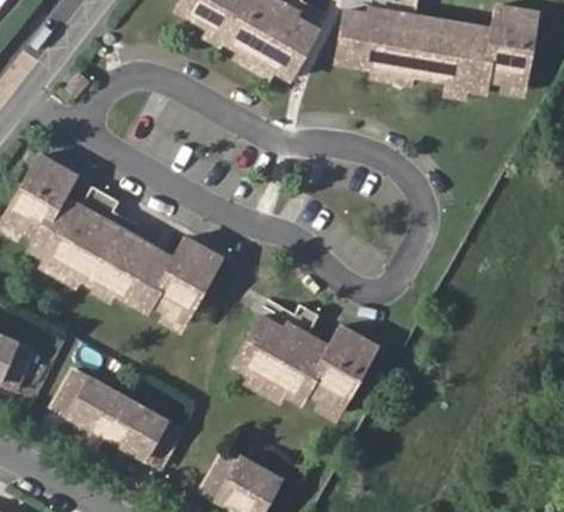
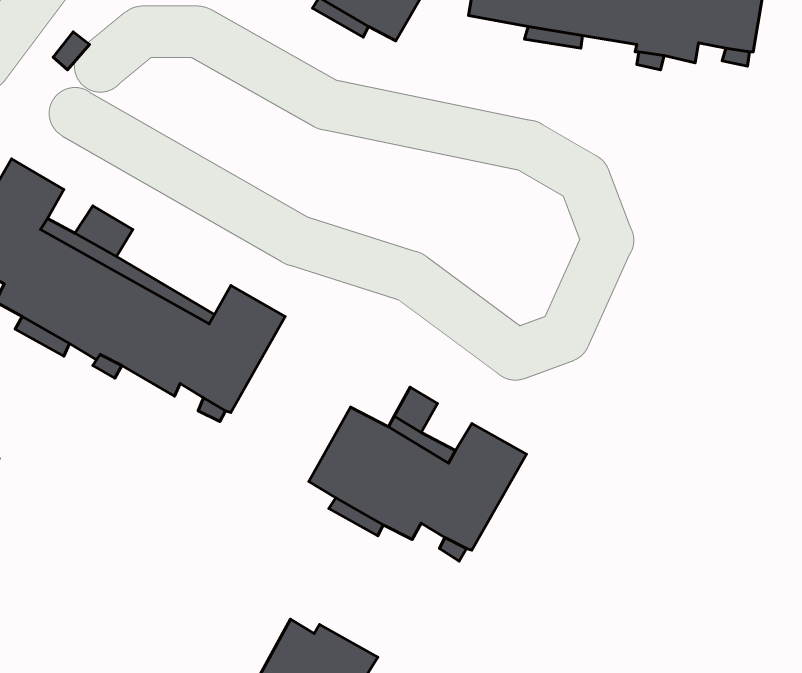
building: [54,369,181,467] -> none

